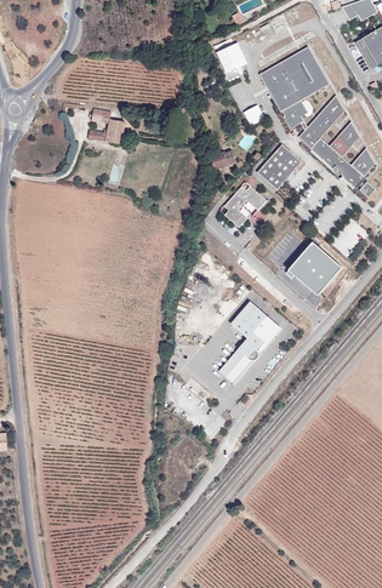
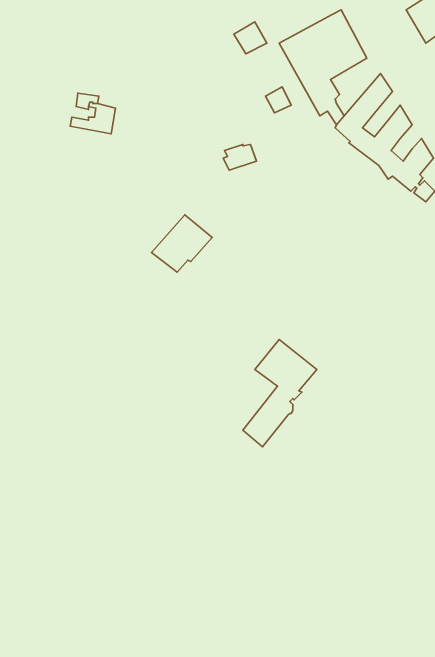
building: [257,143,302,189] -> none
building: [219,183,268,229] -> [151,215,212,272]
building: [289,240,344,297] -> none

